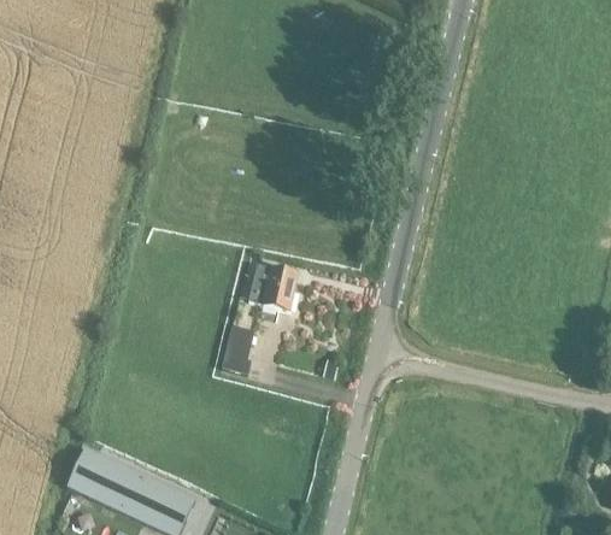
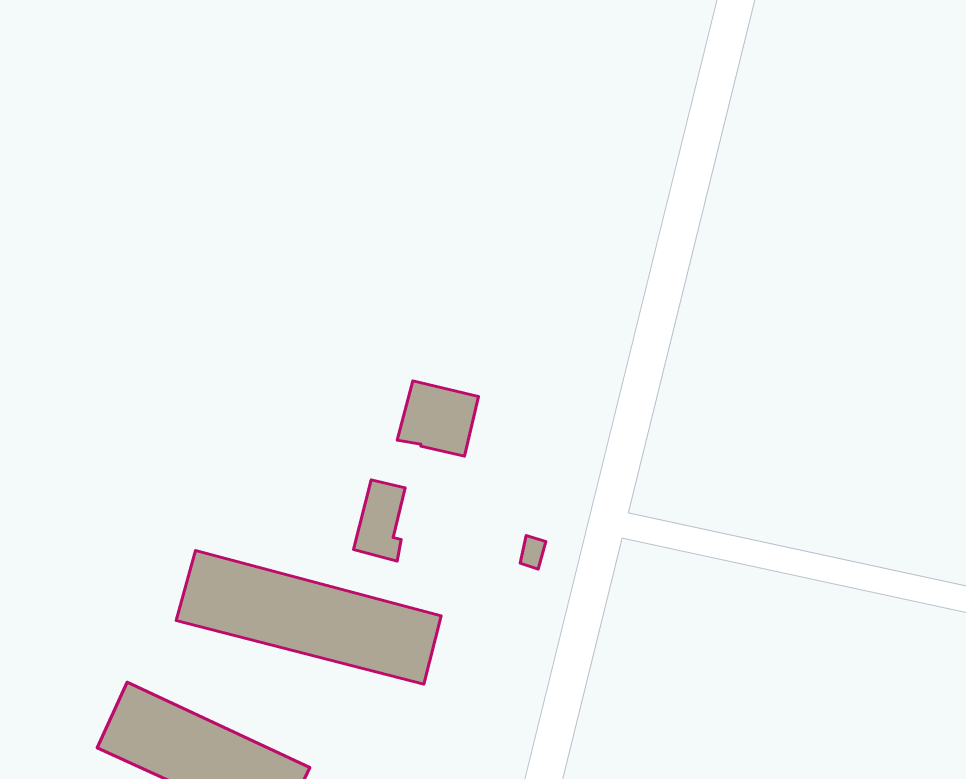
building: none -> [176,551,441,684]

